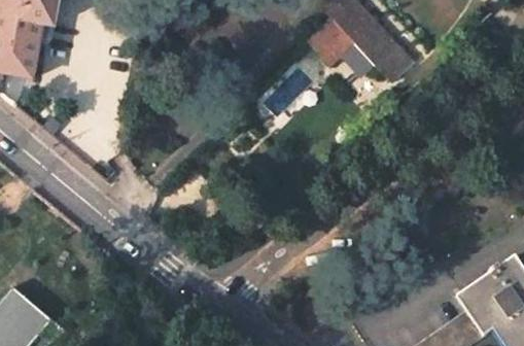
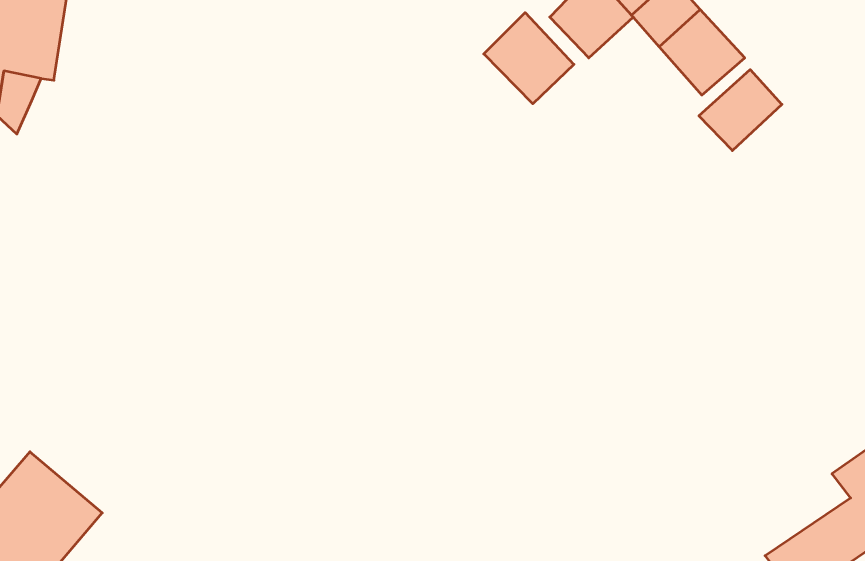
building: none -> [484,13,574,104]
building: none -> [699,70,782,151]

